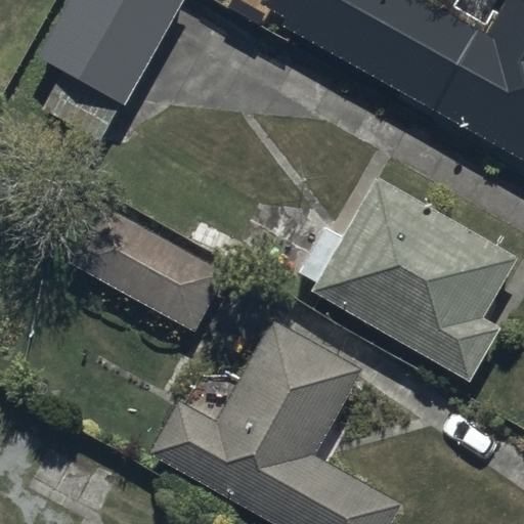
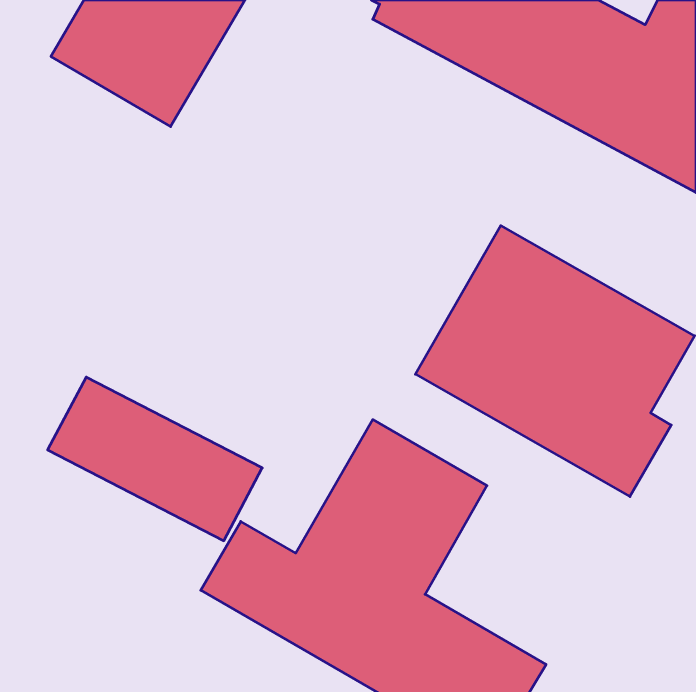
building: [62,210,222,332] -> [48,377,262,541]

